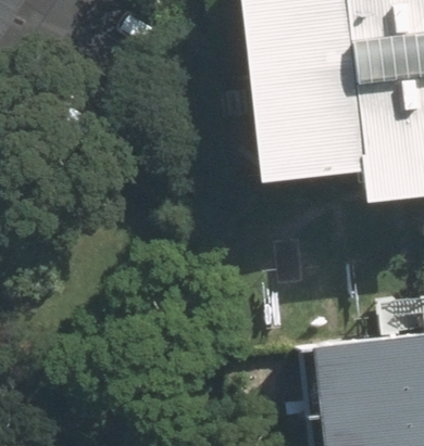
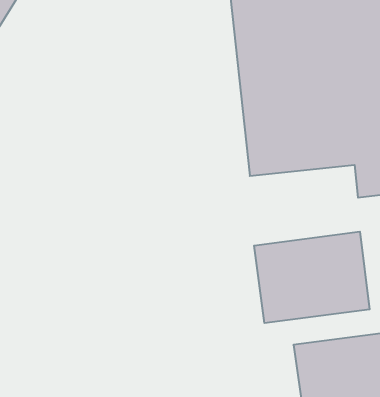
building: none -> [254,232,370,323]

